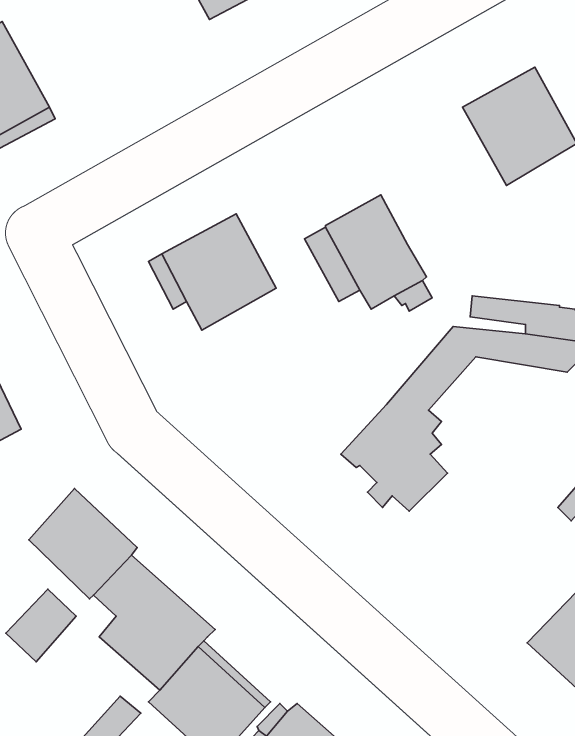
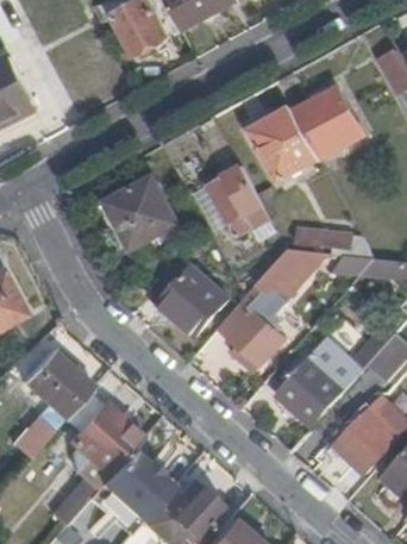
building: none -> [250,107,320,183]
building: none -> [148,257,227,334]
building: none -> [276,355,346,425]

